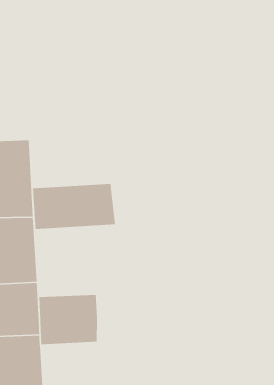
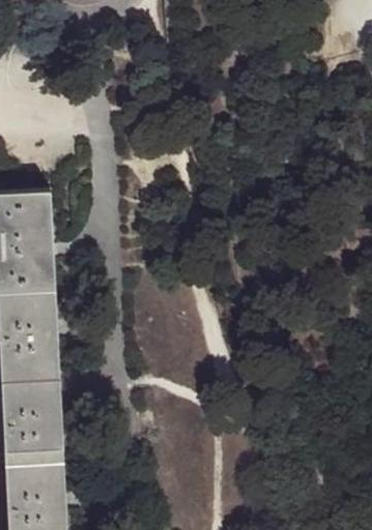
building: [32,183,116,230] -> none
building: [38,294,98,345] -> none

